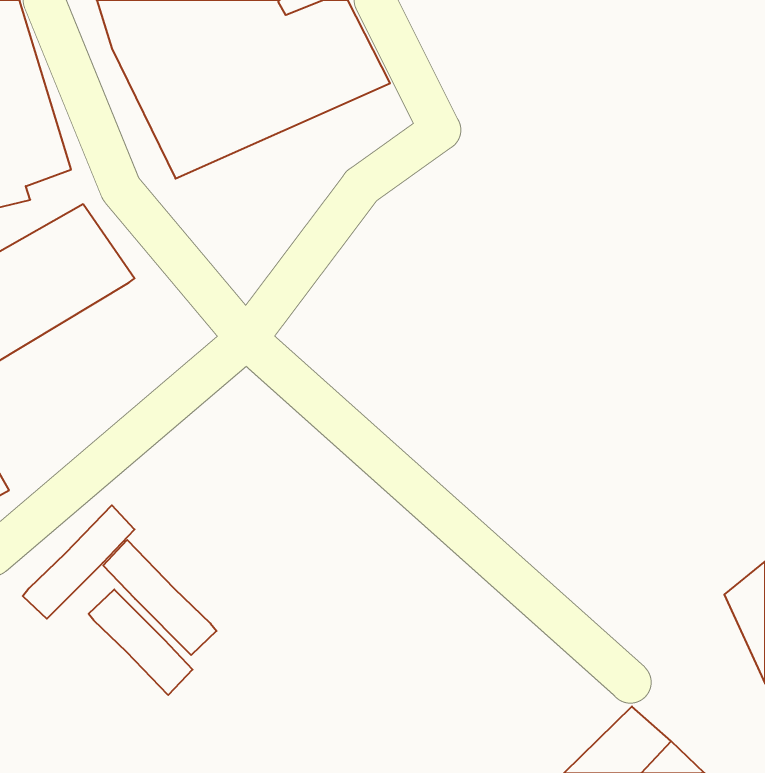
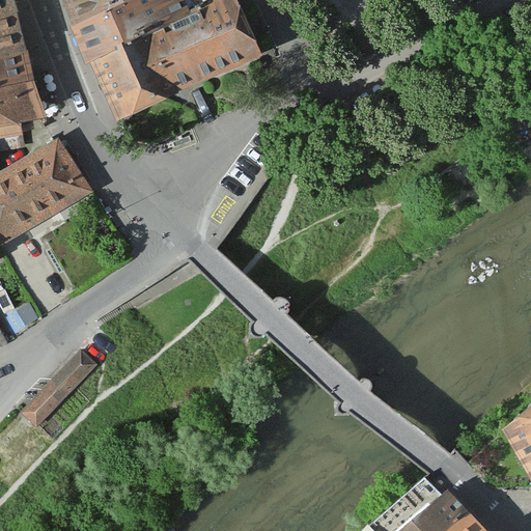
building: [103,540,217,655] -> none
building: [89,589,193,695] -> none

